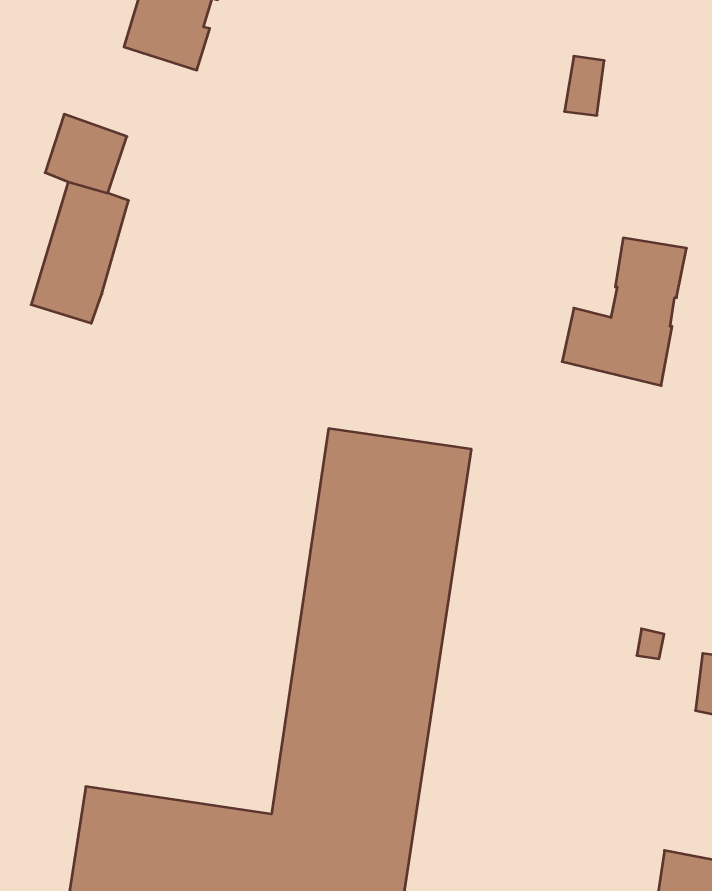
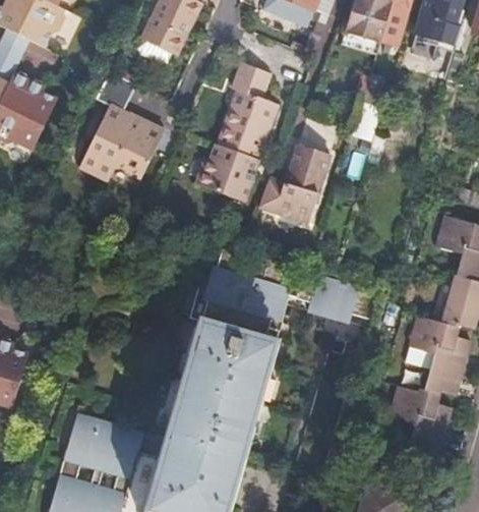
building: none -> [199,64,274,203]
building: none -> [116,120,164,178]
building: [562,238,687,386] -> [259,148,330,225]

